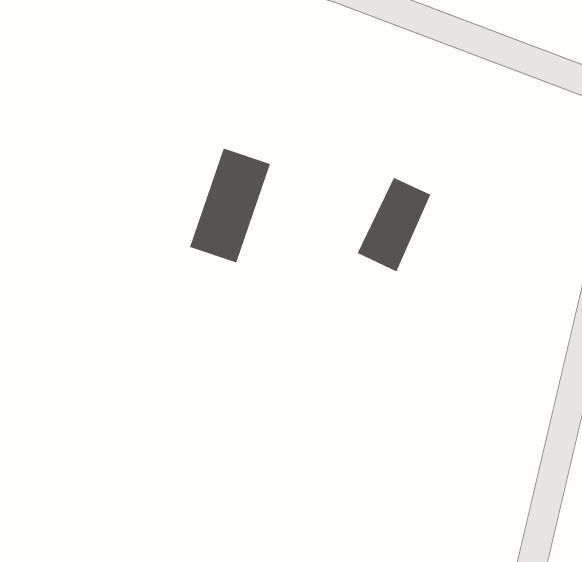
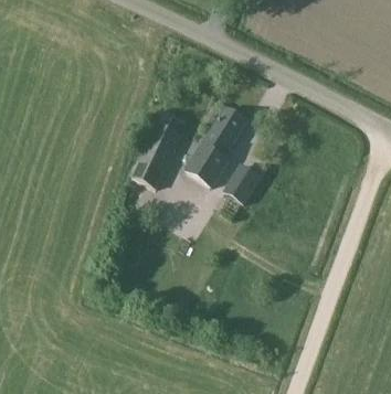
building: none -> [188,106,244,181]

